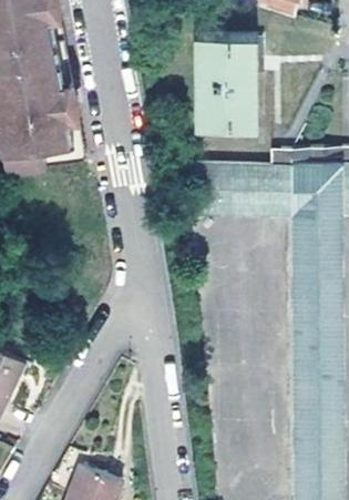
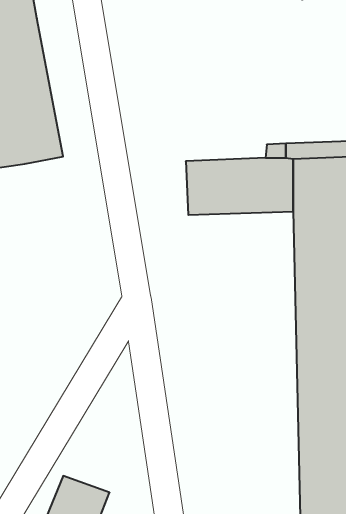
building: [188,29,255,125] -> none

